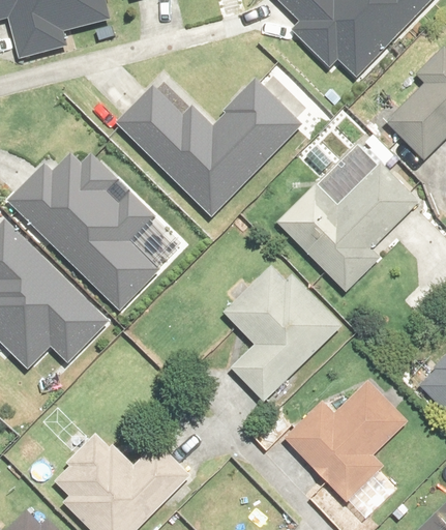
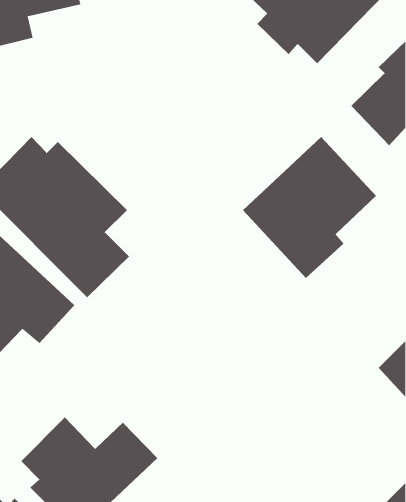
building: [116,77,300,215] -> none
building: [225,266,346,403] -> none
building: [285,383,403,502] -> none

